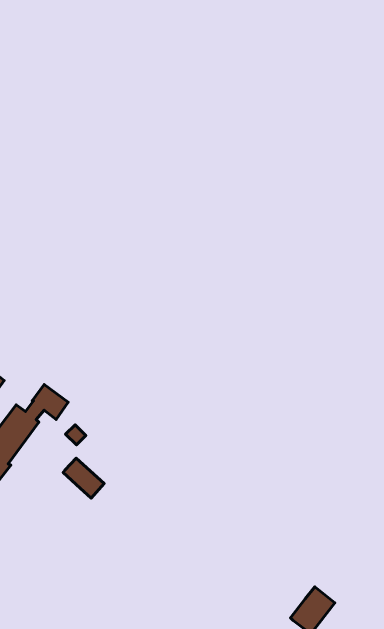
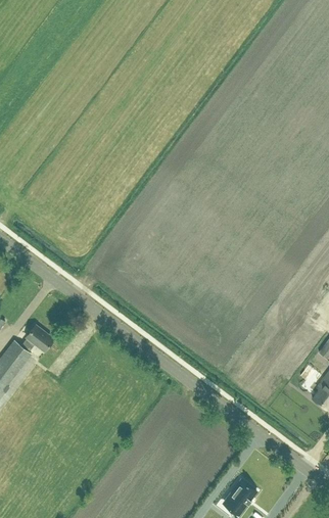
building: [63,458,104,498] -> none

